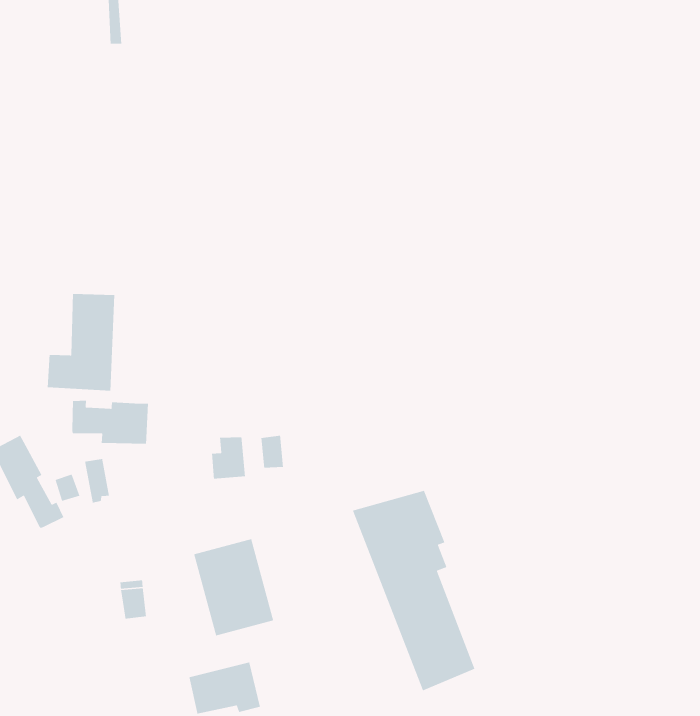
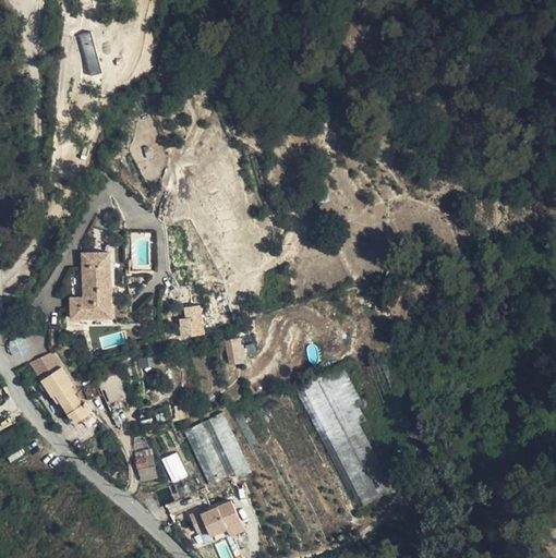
building: [72,400,149,444] -> none
building: [211,436,246,480] -> [178,305,204,338]
building: none -> [160,451,186,483]

